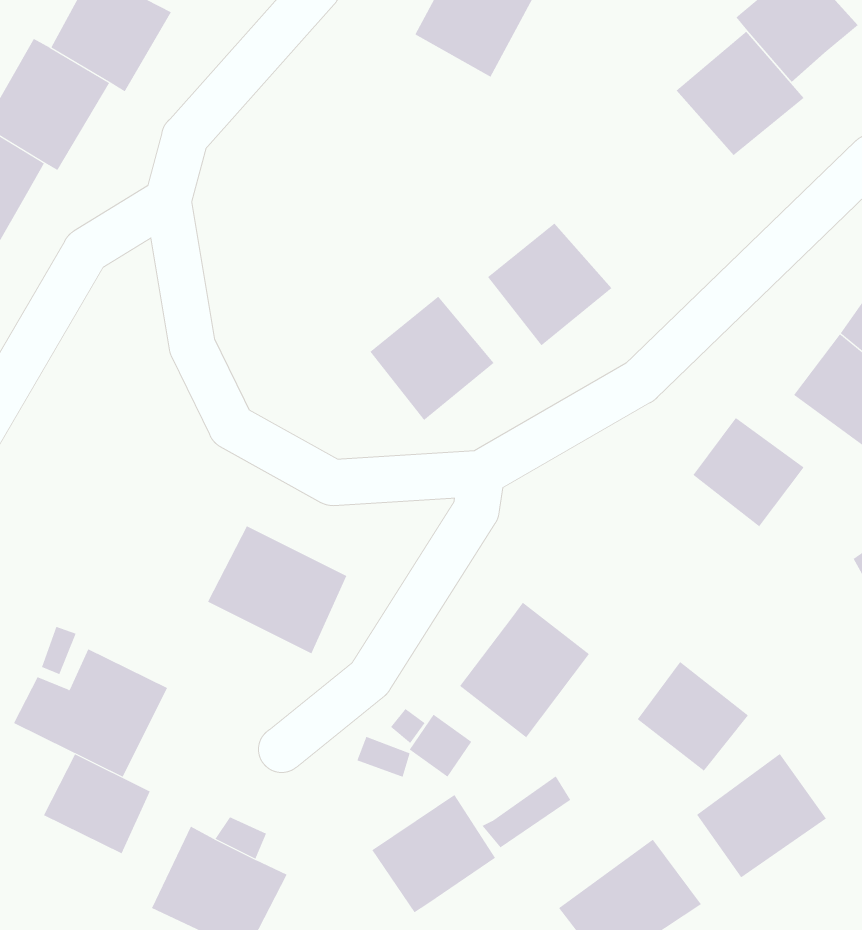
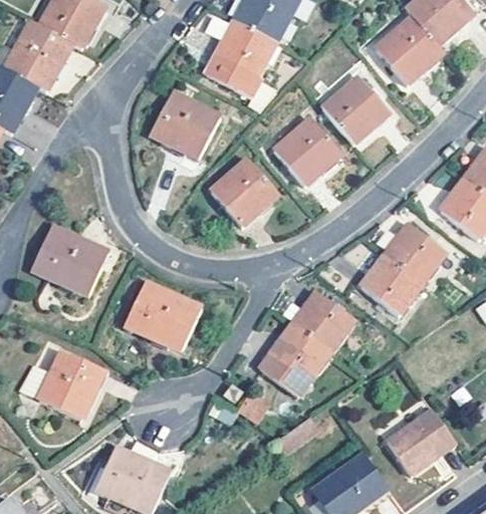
building: none -> [205,10,277,108]
building: none -> [322,78,390,144]
building: none -> [152,91,220,159]
building: none -> [31,225,108,296]
building: none -> [359,256,421,316]
building: [637,661,749,771] -> [293,293,353,352]
building: [43,754,151,854] -> none
building: [372,794,496,913] -> none

